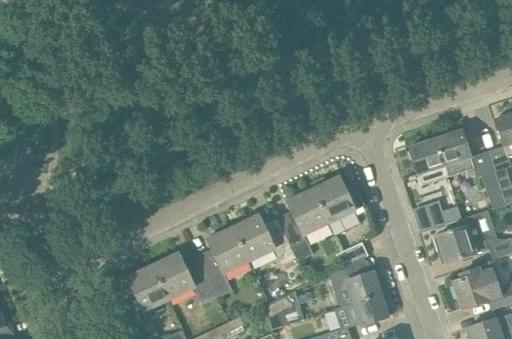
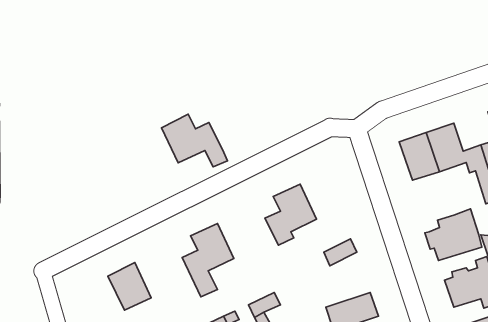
building: [312,176,368,223] -> none
building: [426,200,461,227] -> none
building: [232,214,296,265] -> [161,114,228,167]
building: [152,253,216,305] -> none
building: [332,269,387,307] -> none

